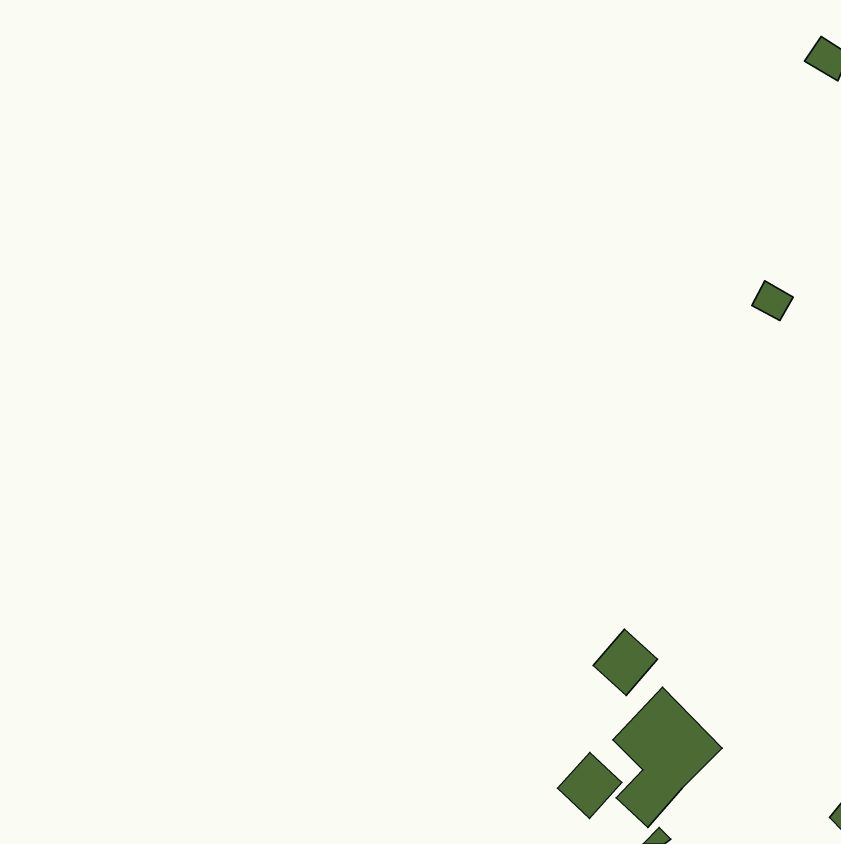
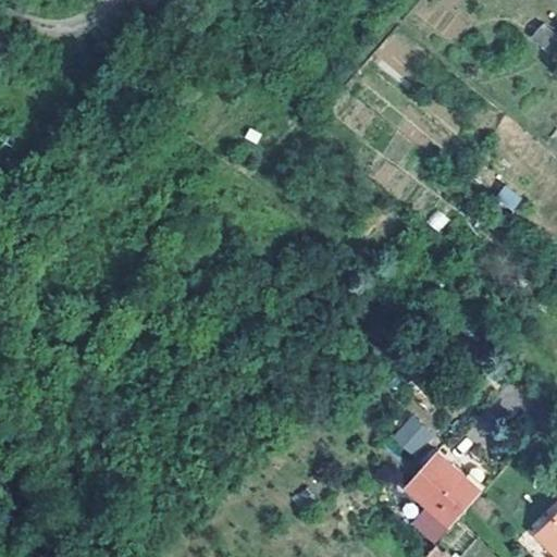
building: [557,752,622,818] -> none

